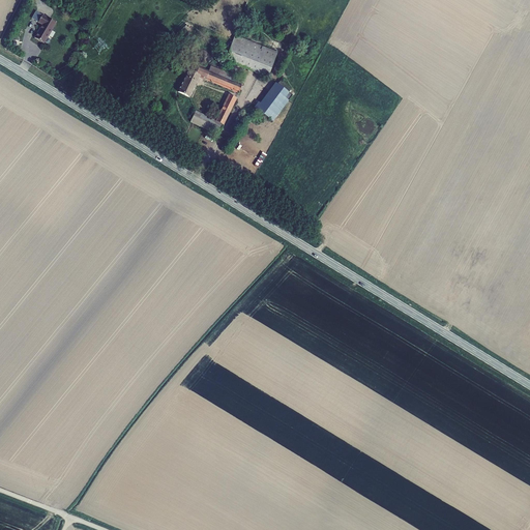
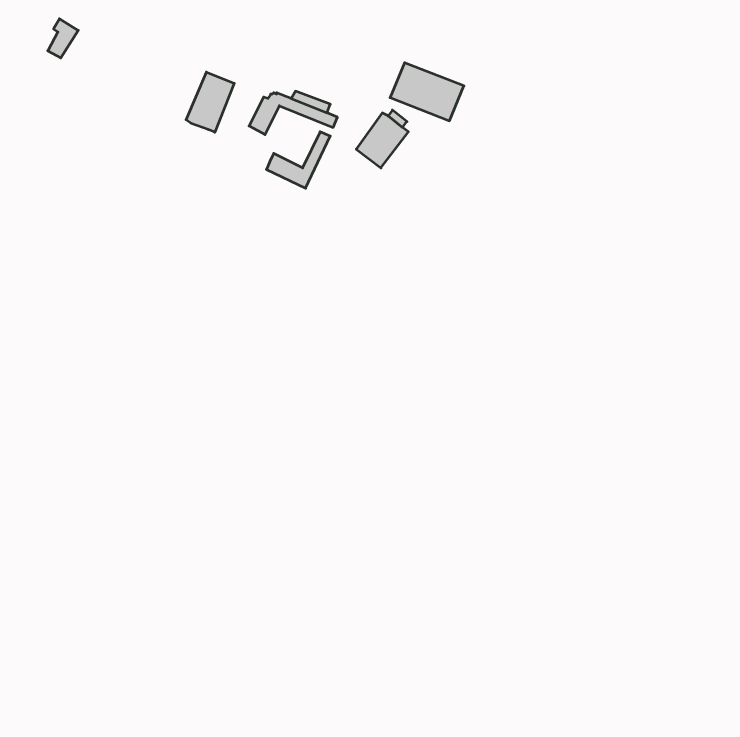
building: [225,34,277,76] -> [390,63,464,121]
building: none -> [186,72,234,132]

